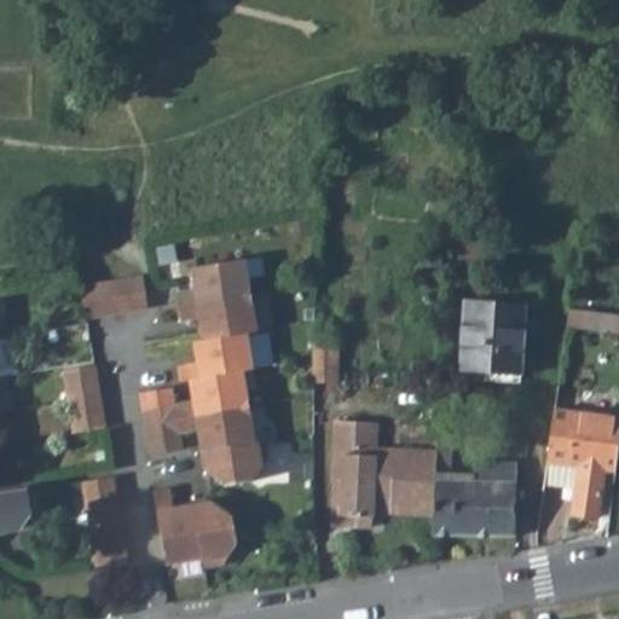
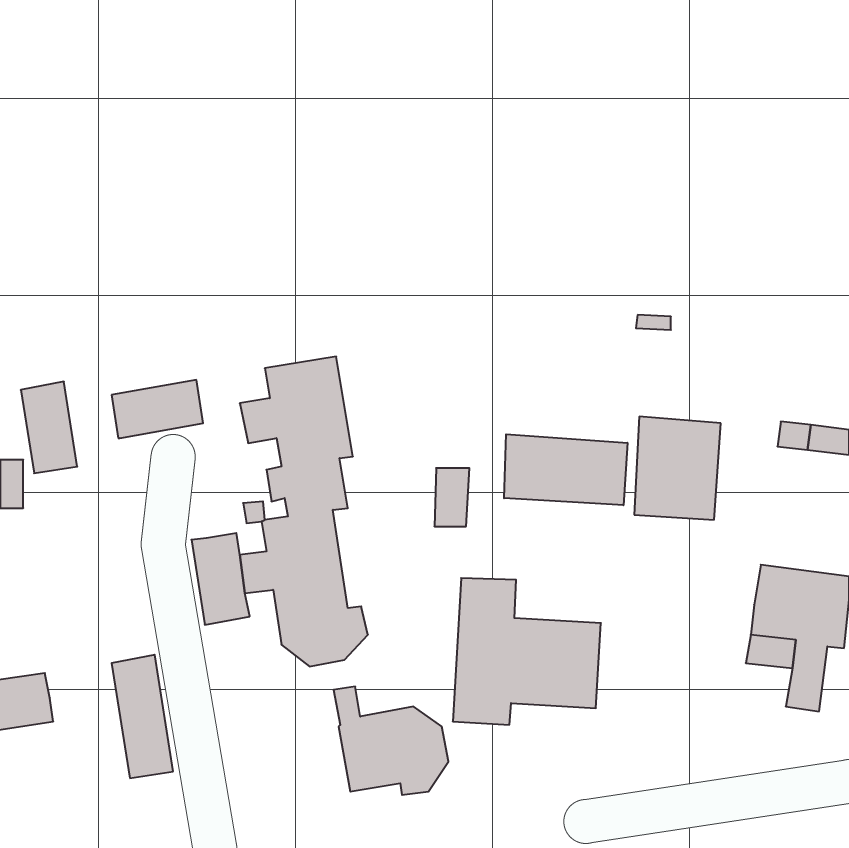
building: none -> [504,434,627,505]
building: [63,365,104,432] -> [21,382,77,473]
building: [430,435,514,534] -> none
building: [152,486,236,565] -> [334,687,448,795]

